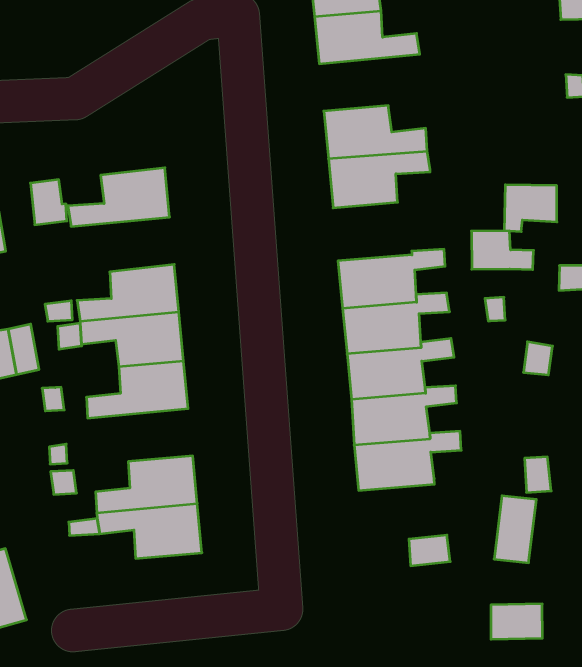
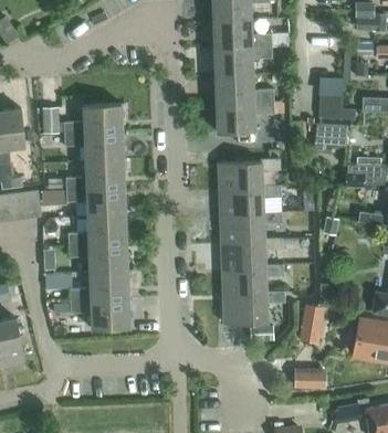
building: none -> [213,45,272,75]
building: none -> [64,131,123,161]
building: [471,231,534,270] -> [319,95,356,119]
building: none -> [67,243,127,272]
building: none -> [222,292,284,324]

